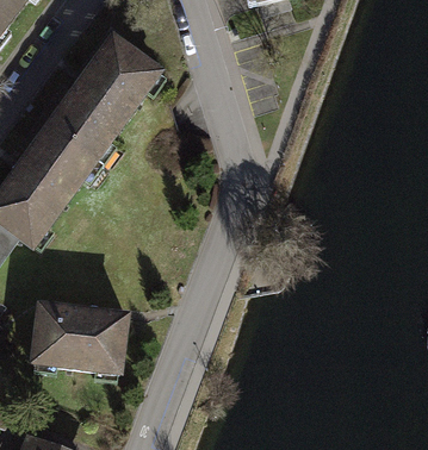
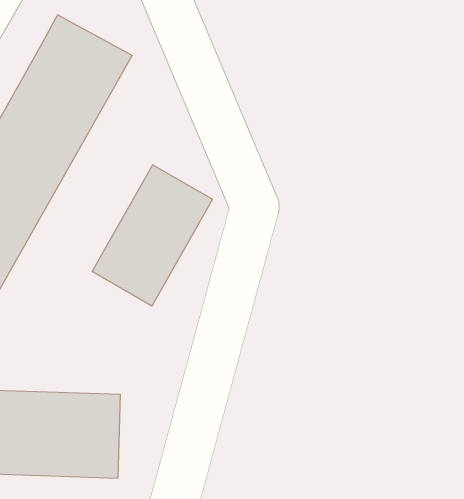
building: none -> [92,165,212,306]

